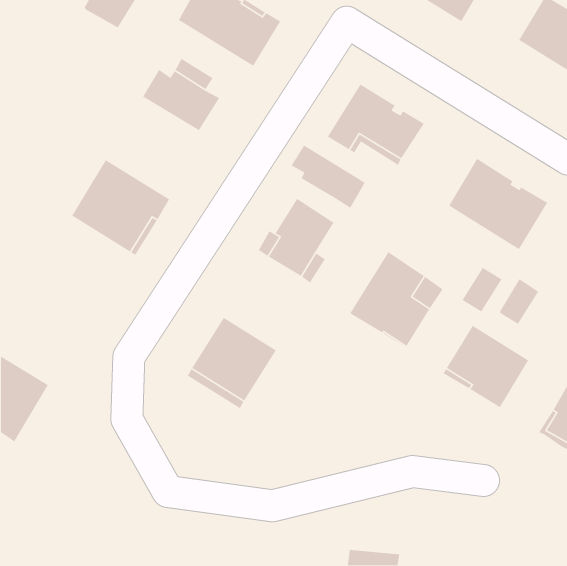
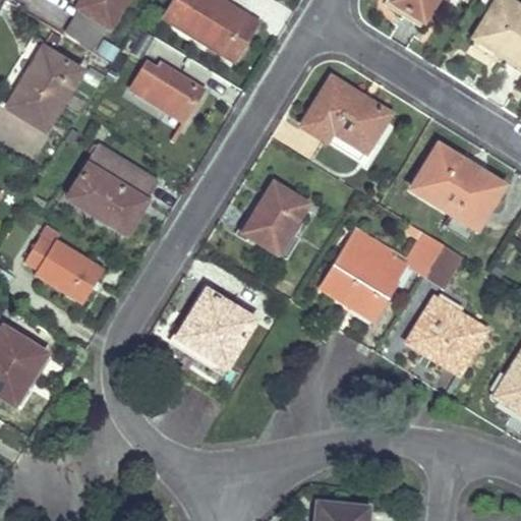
building: none -> [65,9,108,49]
building: none -> [6,31,81,130]
building: [291,144,366,209] -> none
building: none -> [23,225,104,304]
building: [499,278,539,325] -> [406,232,443,275]

